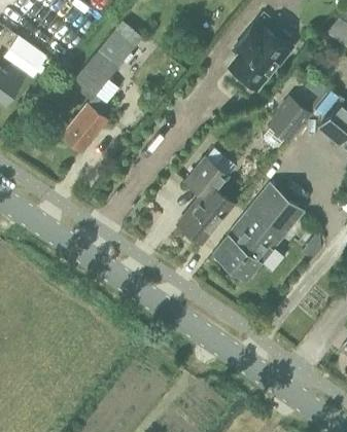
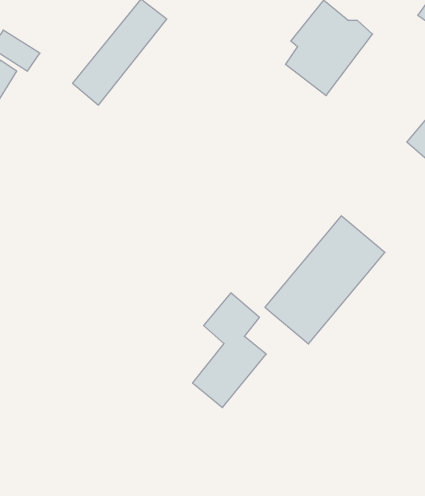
building: [266,99,310,146] -> none
building: [62,105,108,153] -> none
building: [178,158,234,245] -> [193,293,266,408]

